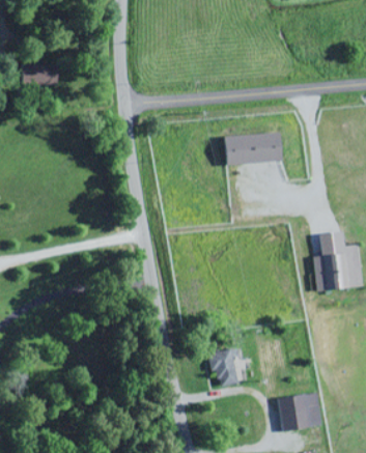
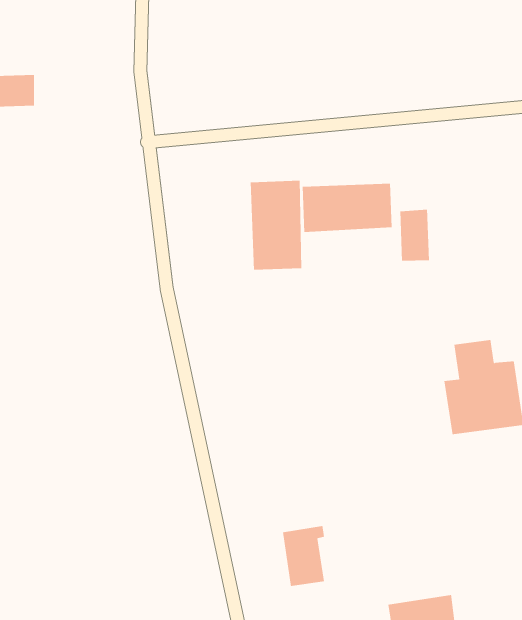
building: none -> [250,180,302,270]
building: none -> [400,209,430,261]

